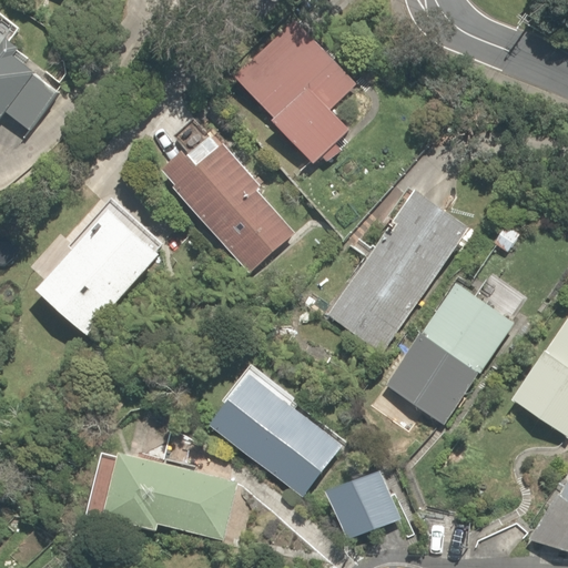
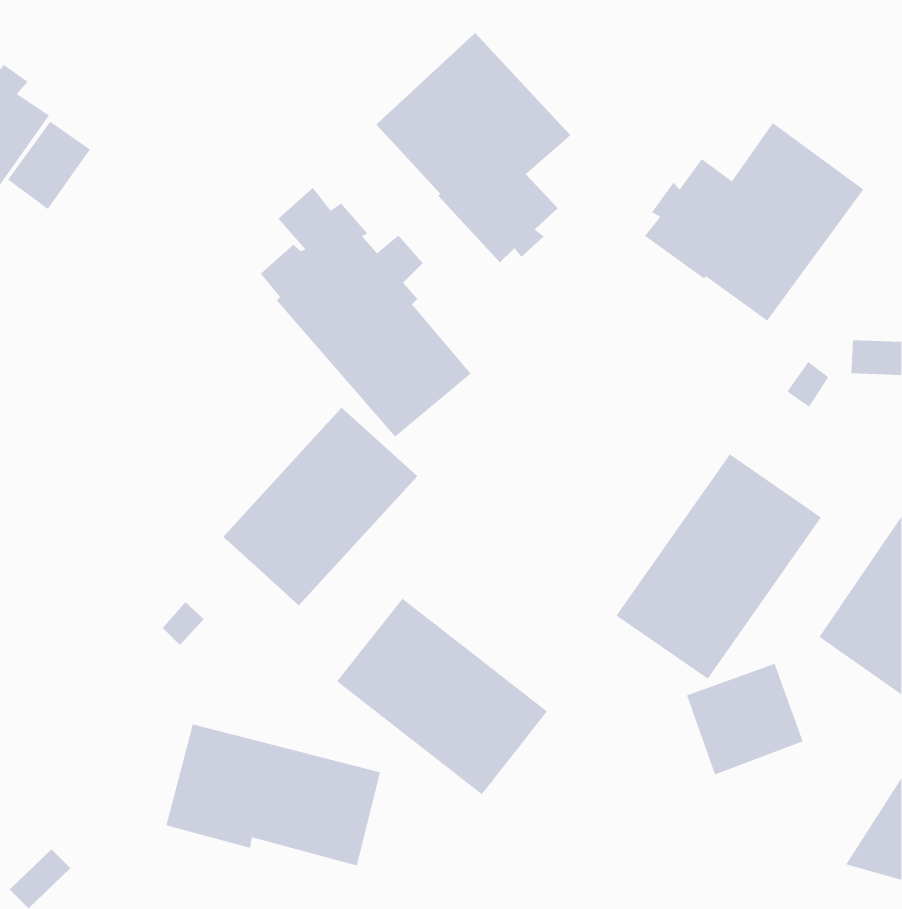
building: none -> [644,122,864,321]
building: [325,190,470,354] -> none
building: [39,211,161,335] -> [222,407,418,606]
building: [327,469,400,539] -> [686,663,804,775]

